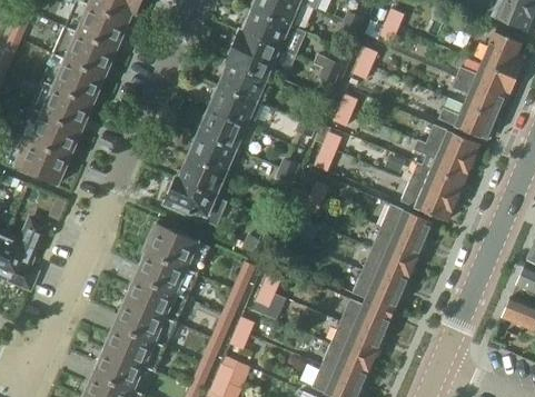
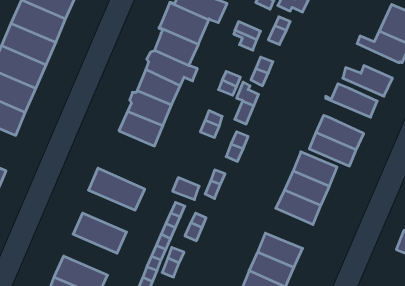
building: [452,78,505,118] -> none
building: [415,141,472,182] -> none
building: [165,177,227,225] -> none
building: [137,248,198,297] -> none
building: [351,269,405,310] -> none
building: [115,299,177,347] -> none

